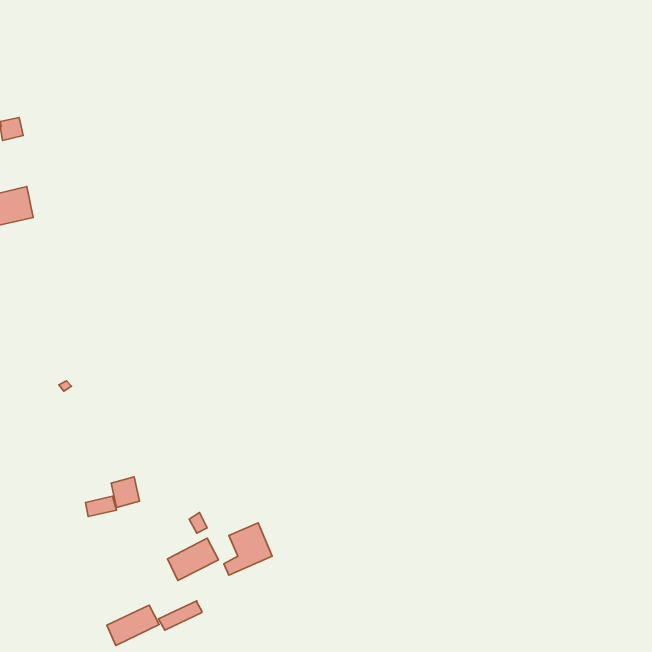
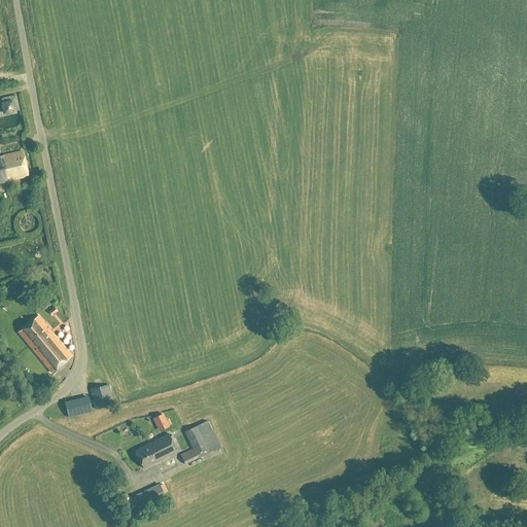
building: none -> [17,315,71,372]
building: [107,605,159,645] -> none

